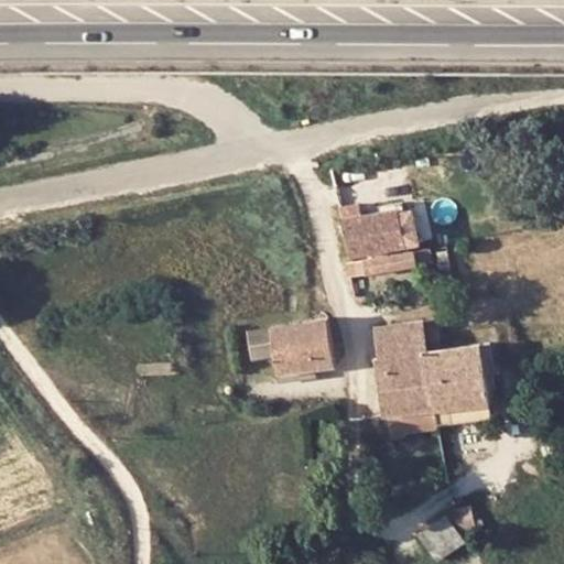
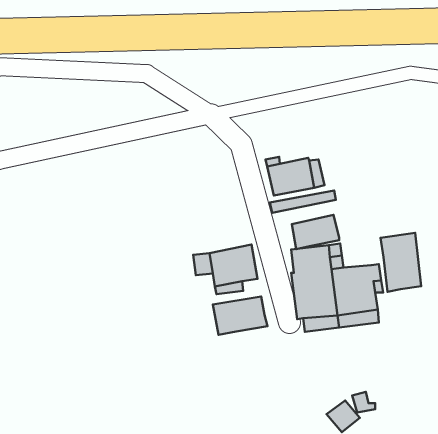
building: none -> [292,215,339,249]
building: none -> [381,233,421,292]
building: none -> [213,297,267,335]

